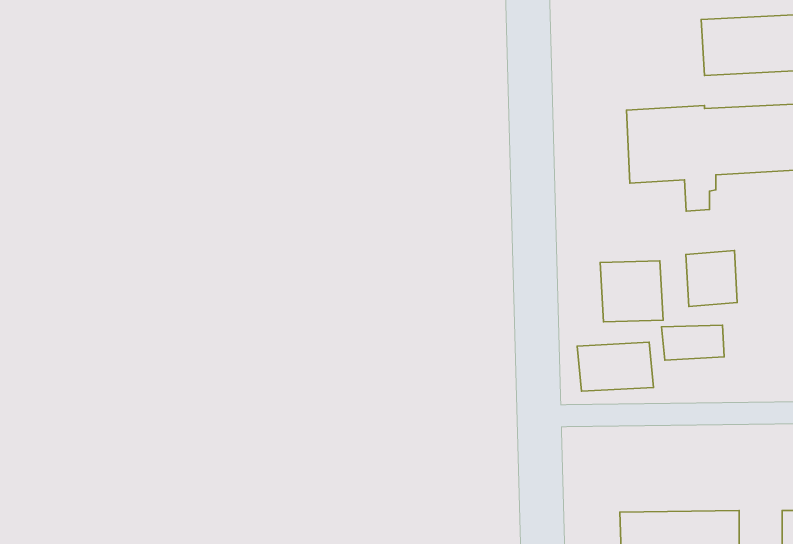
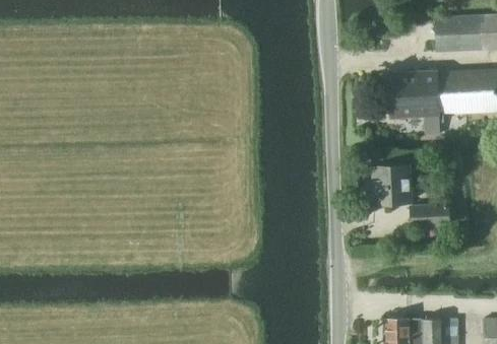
building: [686,251,737,307] -> none
building: [577,342,654,391] -> none

